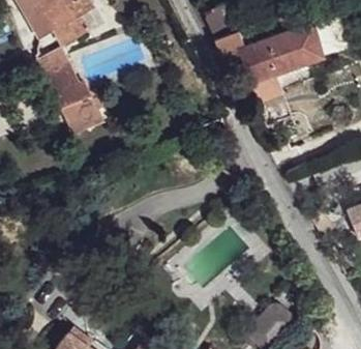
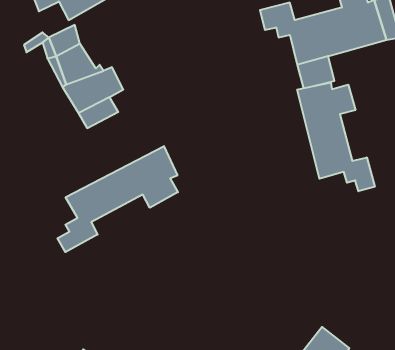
building: none -> [297,83,375,191]
building: none -> [57,146,178,252]

